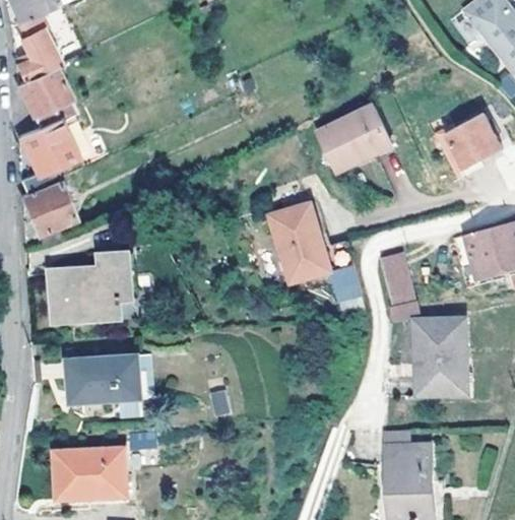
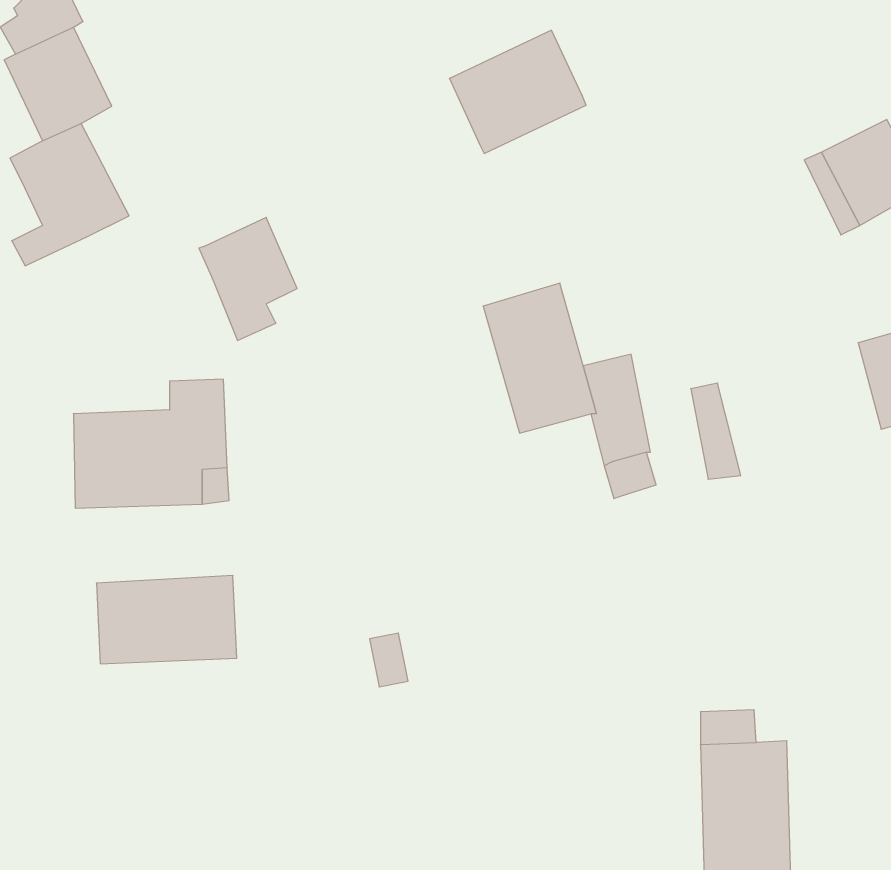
building: [317,106,389,171] -> [449,30,586,153]
building: [24,177,76,242] -> [199,217,297,340]
building: [412,316,466,393] -> none
building: [54,447,126,499] -> none

